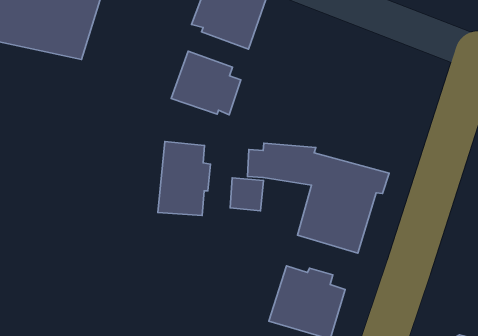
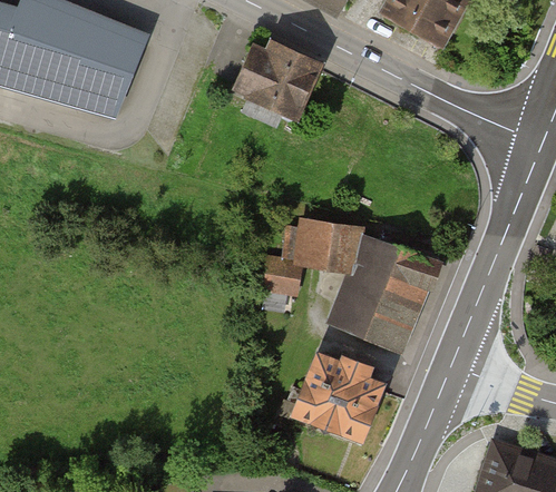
building: [171,51,241,115] -> none
building: [158,142,211,215] -> none

